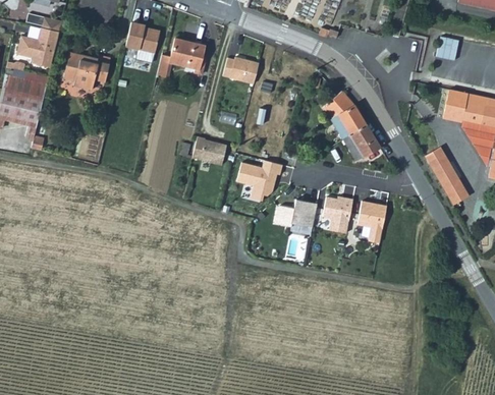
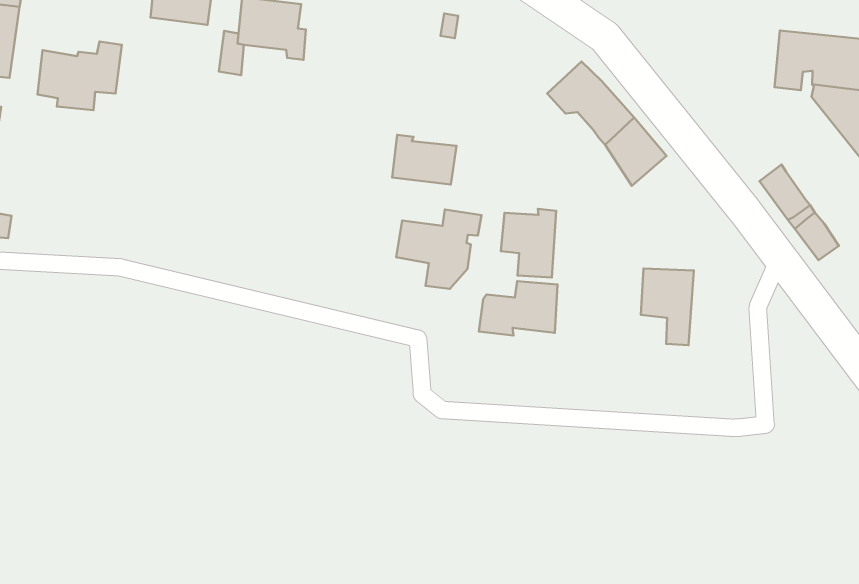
building: [230,56,260,83] -> none
building: [193,136,227,165] -> [392,135,456,185]
building: [323,197,353,233] -> [501,209,556,277]

